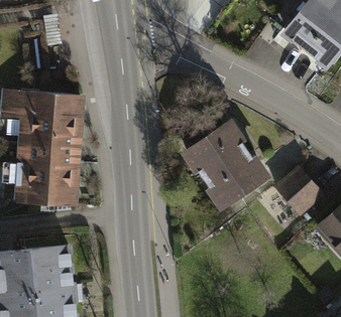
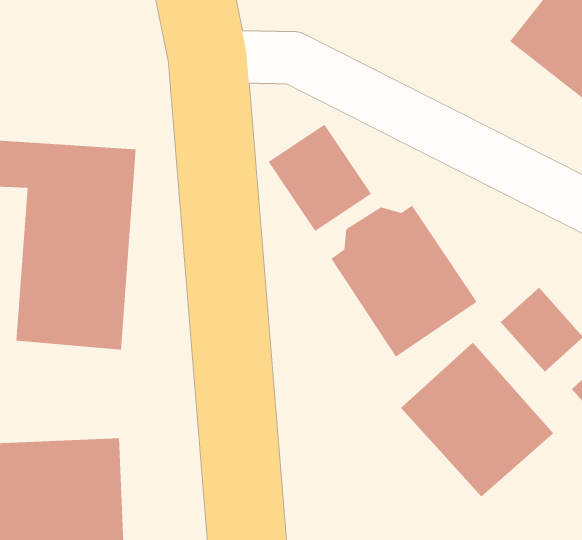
building: none -> [268,124,372,232]
building: none -> [400,342,554,497]

